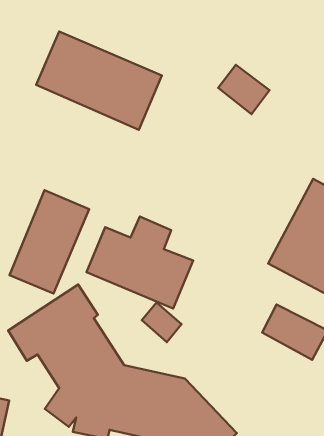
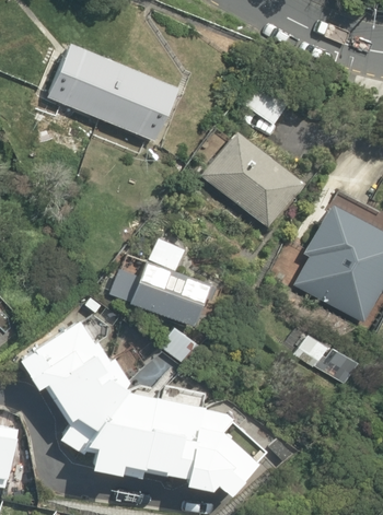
building: none -> [195,121,312,234]
building: [10,190,89,294] -> none

